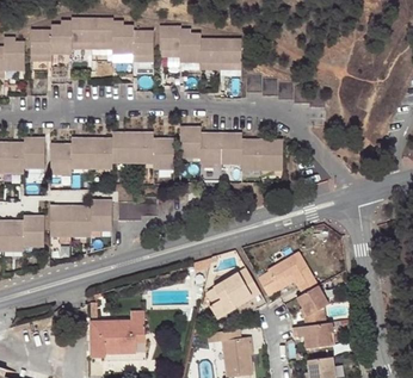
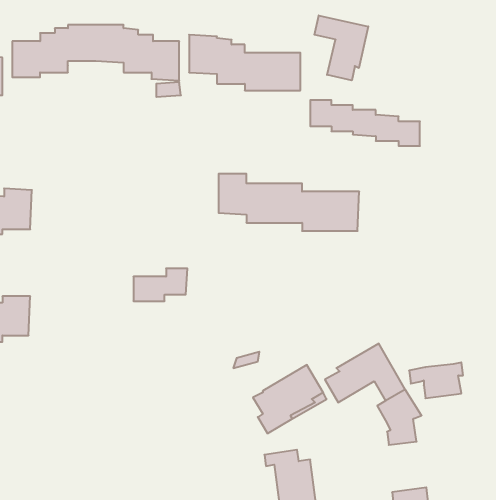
building: none -> [314,15,368,80]
building: [50,134,173,174] -> none
building: [49,203,112,236] -> none
building: [88,309,142,355] -> none
building: [292,322,332,348] -> [409,362,463,398]

